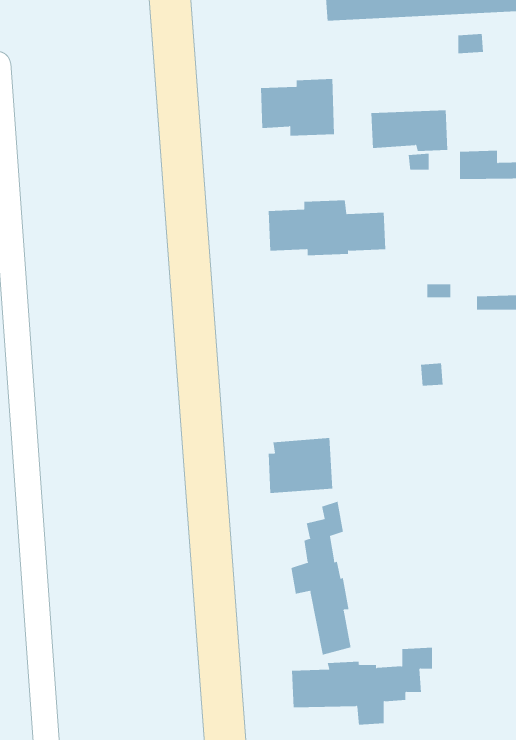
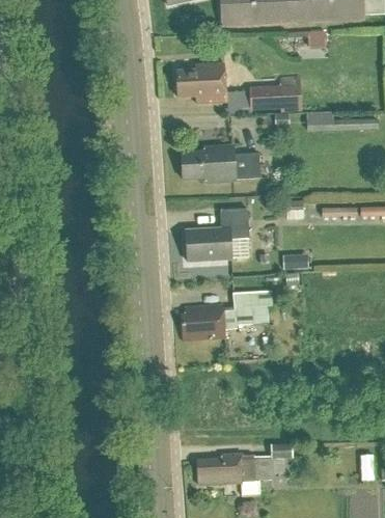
building: none -> [186,207,249,260]
building: none -> [231,290,272,325]
building: [291,501,351,656] -> none

